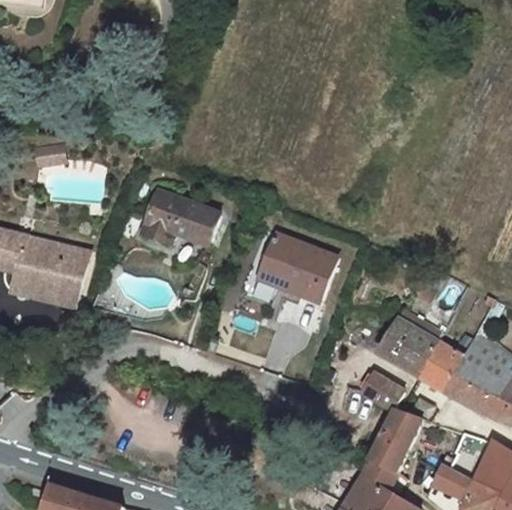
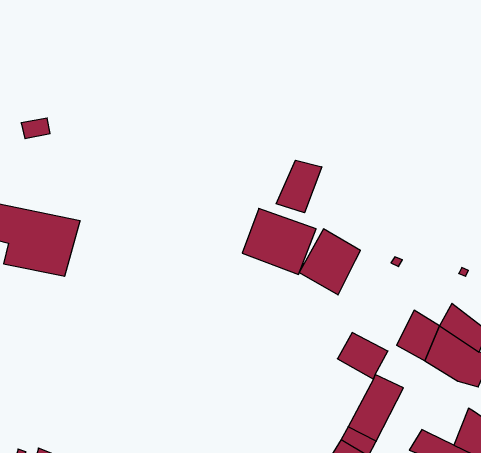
building: none -> [276,160,322,213]
building: [142,193,219,245] -> none
building: [378,309,441,377] -> [299,229,360,295]

